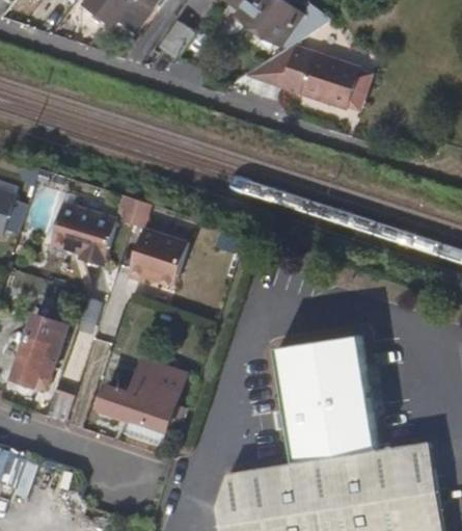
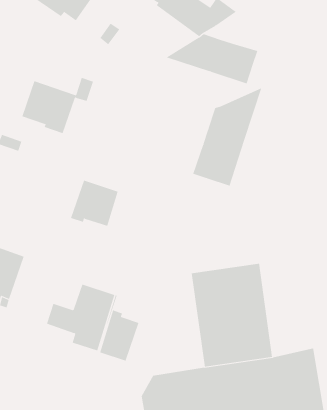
building: none -> [192,87,262,187]
building: [46,196,136,267] -> [22,77,94,134]
building: none -> [99,310,139,361]

